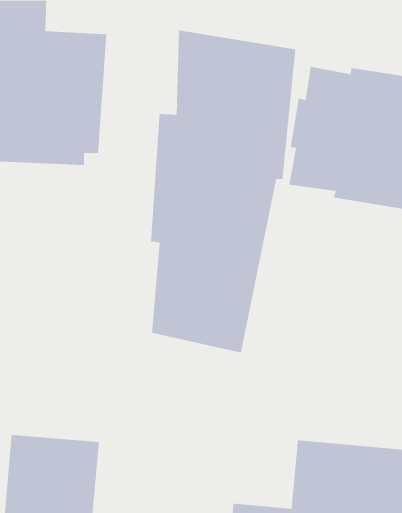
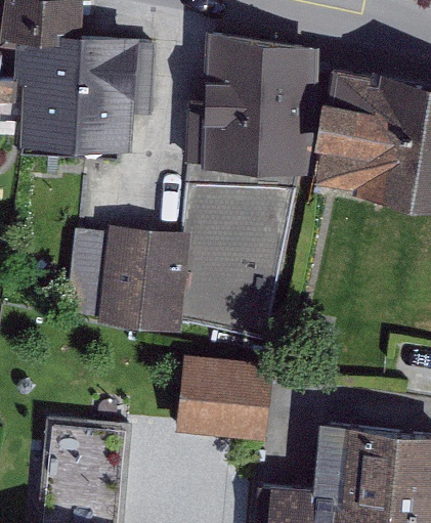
building: none -> [66,226,188,336]
building: none -> [177,357,273,439]

